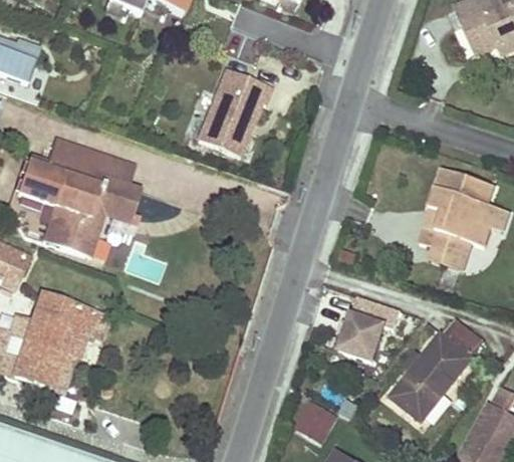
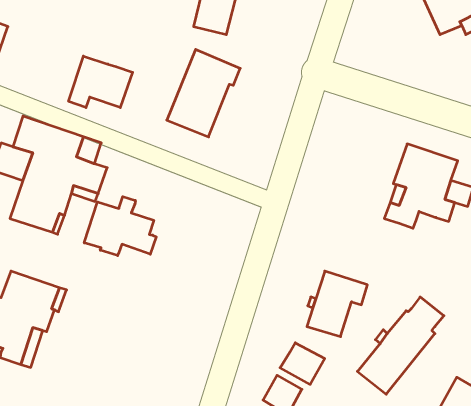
building: none -> [69,56,133,108]
building: none -> [84,197,156,256]
building: [430,234,471,269] -> none
building: none -> [280,343,325,384]

